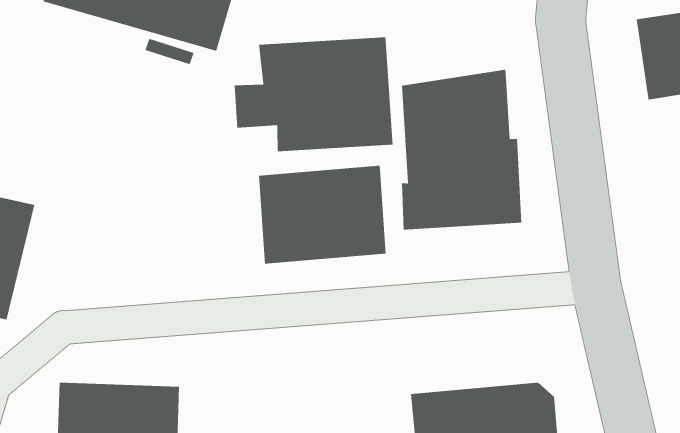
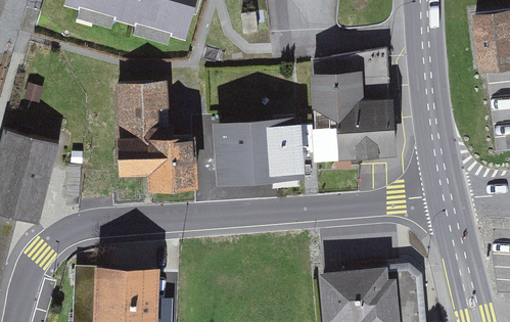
building: [234,37,393,152] -> none
building: none -> [114,81,197,192]

